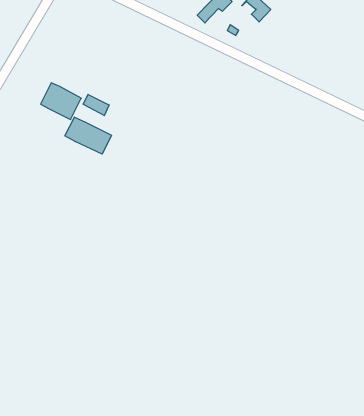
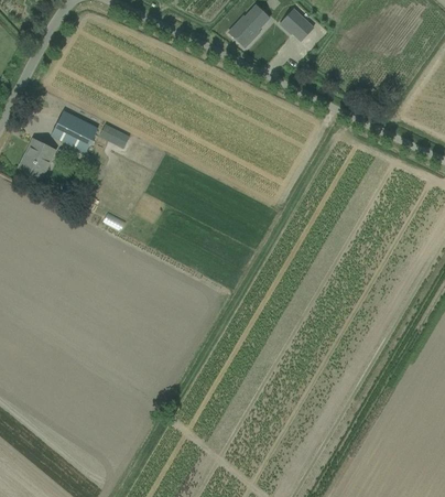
building: none -> [18,138,55,179]
building: [65,117,112,154] -> none

